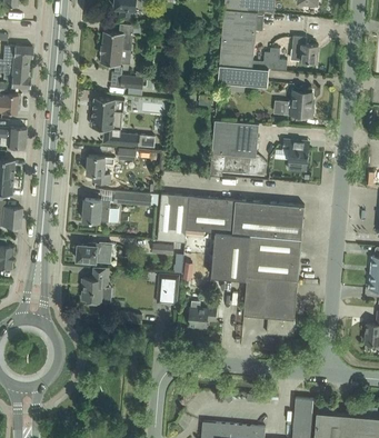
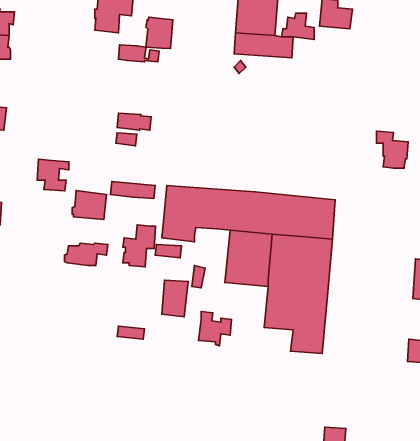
building: none -> [146,17,173,49]
building: [283,91,313,118] -> none
building: [90,98,124,131] -> none
building: [210,120,266,176] -> none
building: [282,140,309,171] -> [377,131,408,168]
building: [87,157,113,183] -> [37,159,69,191]
building: [81,268,109,303] -> [123,225,156,267]

